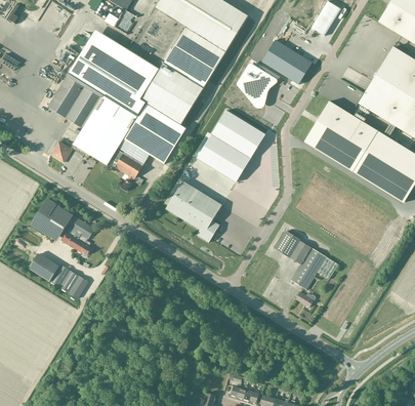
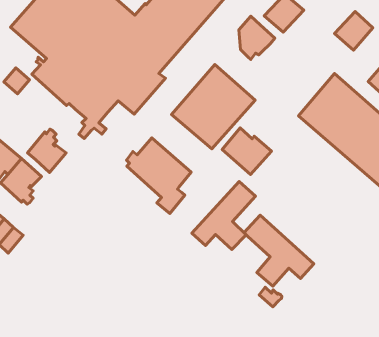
building: [280,51,312,84] -> [334,12,373,50]
building: none -> [222,128,271,174]
building: none -> [28,129,66,172]
building: none -> [192,181,256,249]

